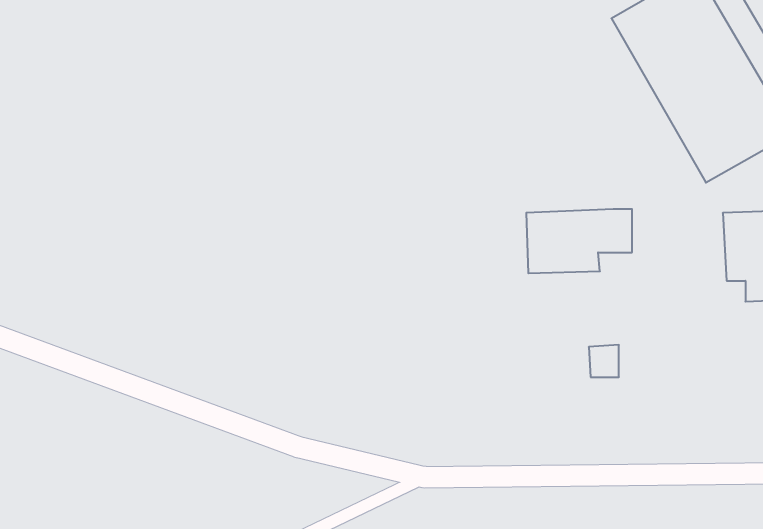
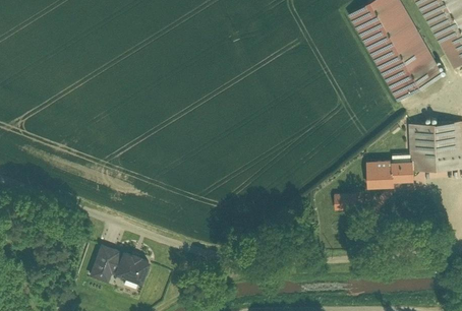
building: [526,209,632,273] -> [362,159,419,193]
building: none -> [90,244,149,284]

